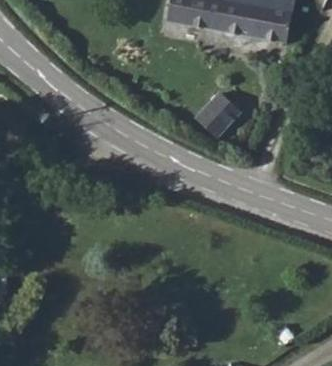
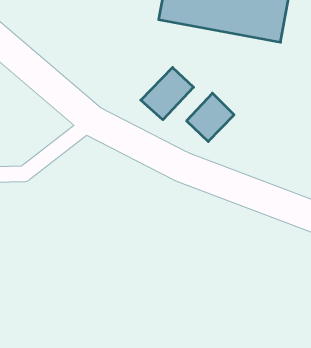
building: none -> [141,67,194,120]

